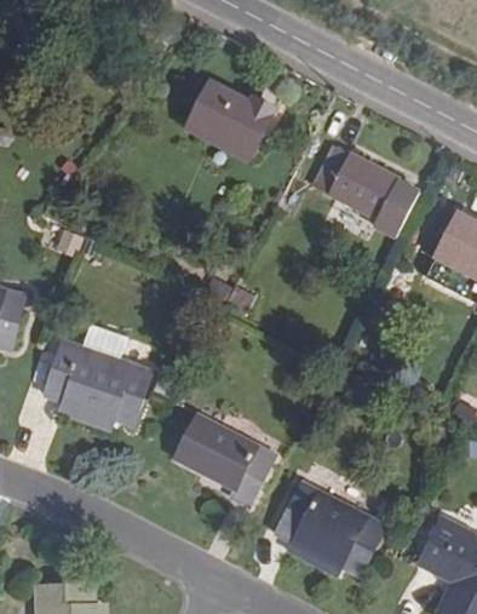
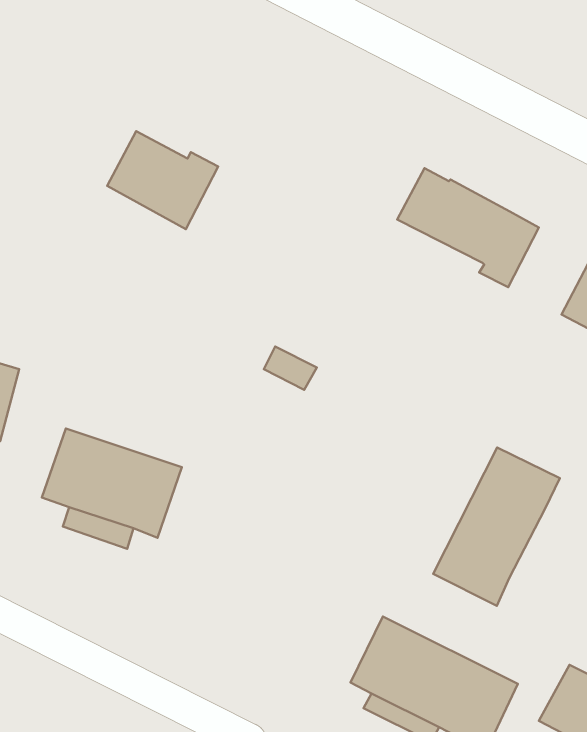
building: [189,81,272,155] -> [107,131,218,229]
building: none -> [433,447,560,606]
building: [174,414,274,506] -> none

